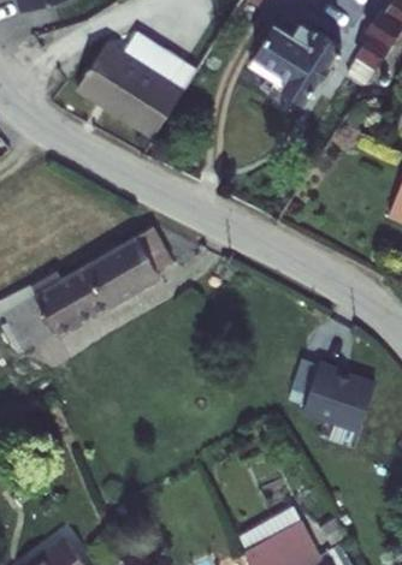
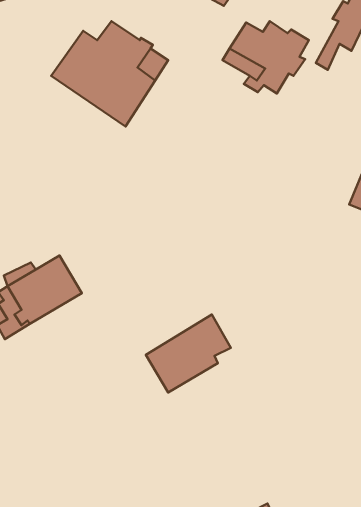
building: [88,225,175,304] -> [146,315,231,393]
building: [301,374,377,448] -> none

